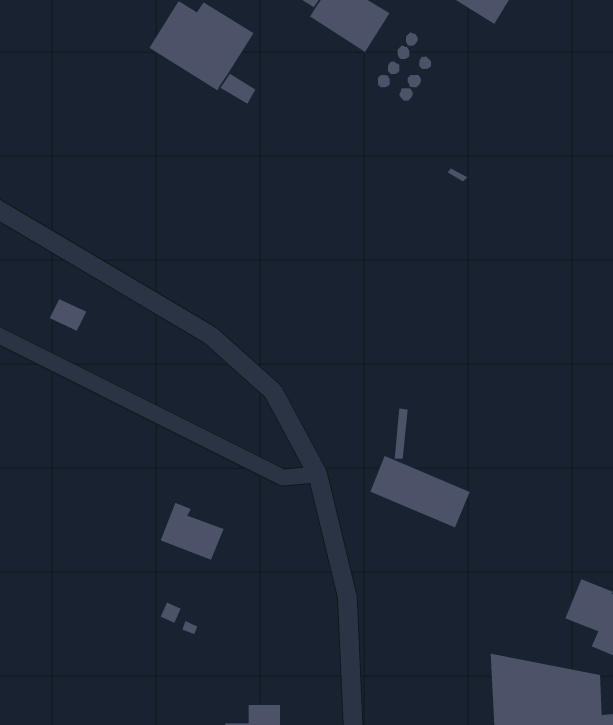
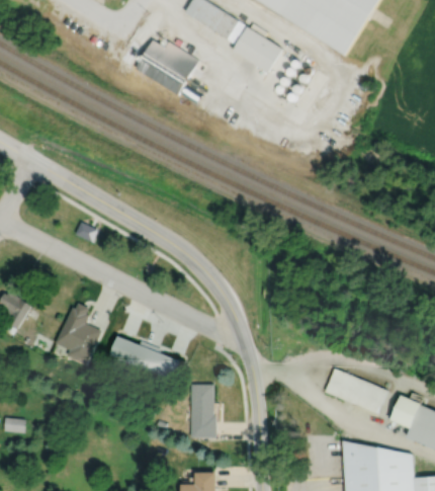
building: none -> [54,303,101,365]
building: [369,455,470,528] -> [325,370,386,414]
building: none -> [110,338,151,370]
building: none -> [190,386,215,435]

